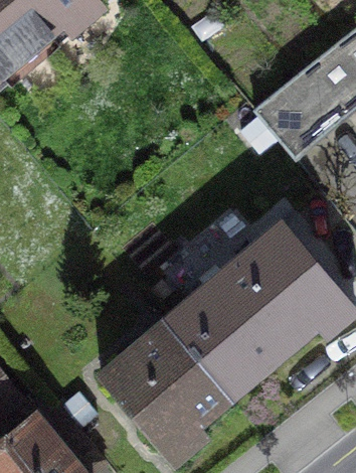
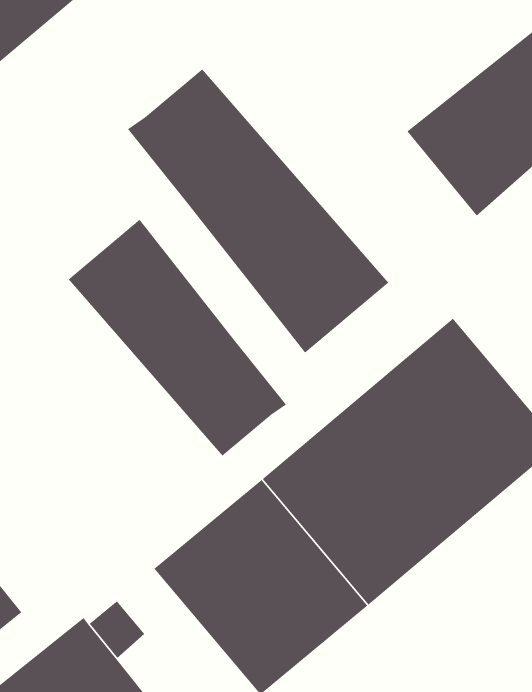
building: none -> [127,68,389,353]
building: none -> [68,219,287,456]

